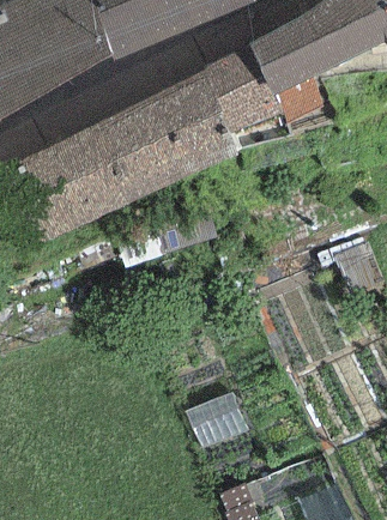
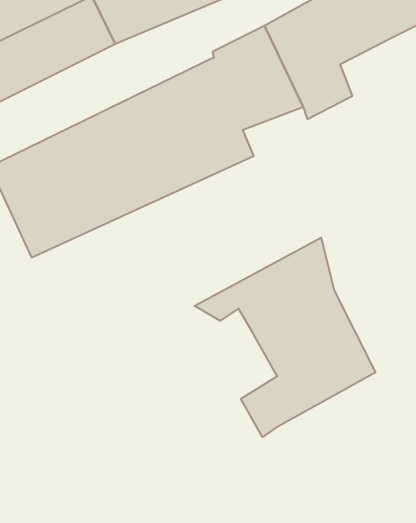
building: none -> [194,238,375,437]

